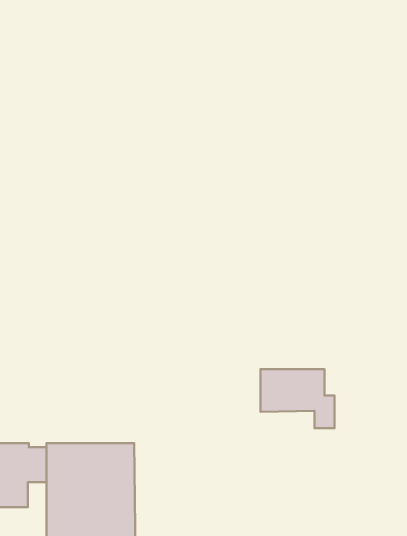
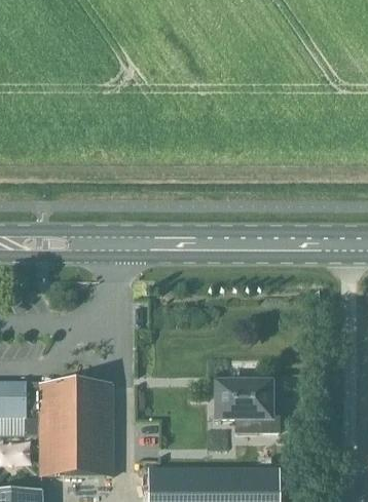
building: [261,369,335,428] -> [217,383,278,431]

